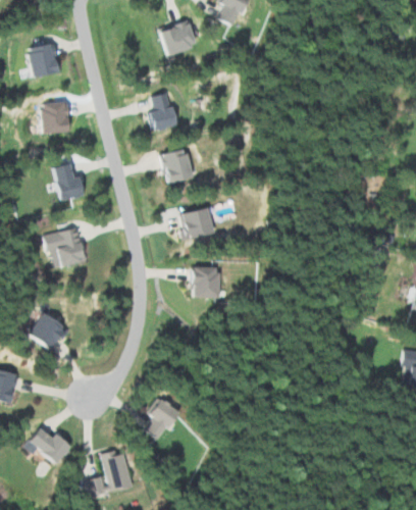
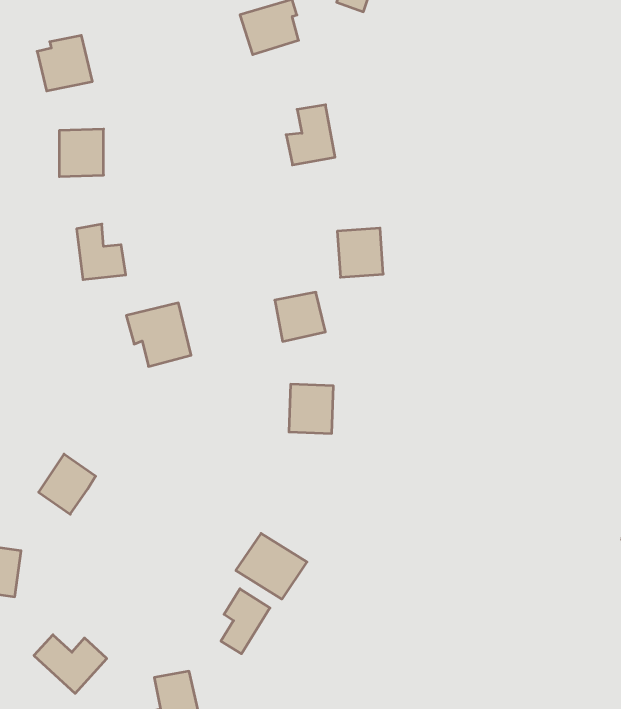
building: [148,92,179,131] -> [286,105,335,165]
building: [162,149,192,181] -> [337,228,383,277]
building: [46,226,88,267] -> [126,303,191,366]
building: none -> [236,533,307,599]

